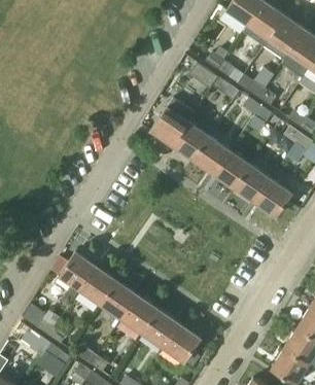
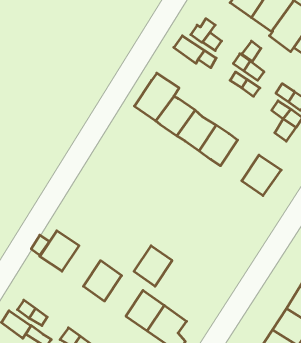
building: [234,165,271,204] -> none
building: [80,267,117,306] -> none
building: [121,295,159,335] -> [134,246,172,286]

